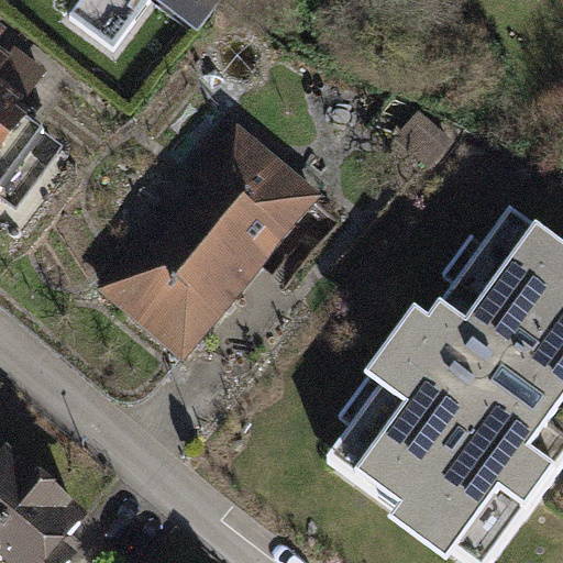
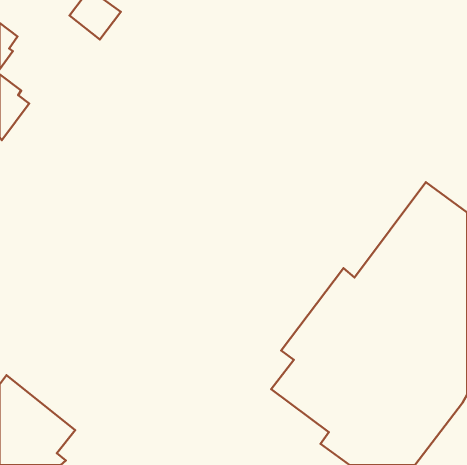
building: [103,112,327,347] -> none

